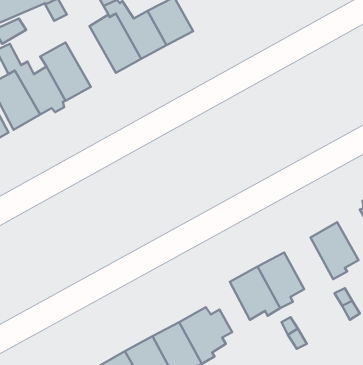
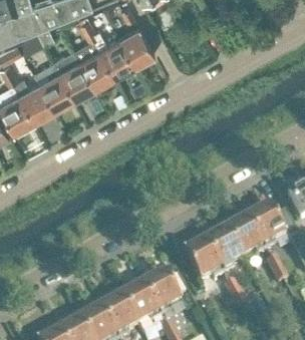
building: none -> [54,52,94,100]
building: none -> [228,220,267,261]

